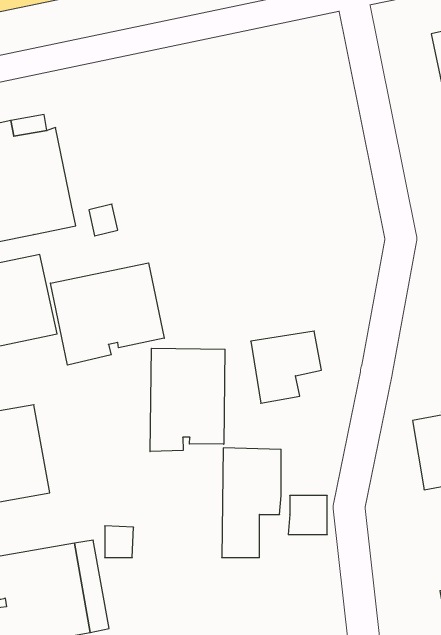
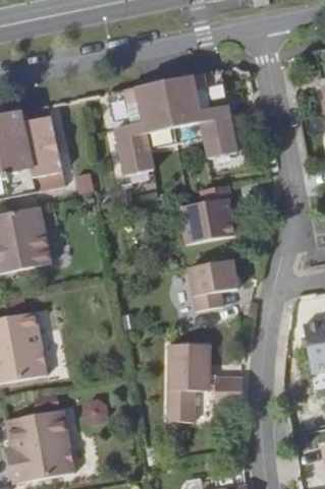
building: none -> [109,70,237,176]
building: none -> [179,185,234,244]
building: [50,263,164,365] -> none
building: [150,348,225,452] -> none

